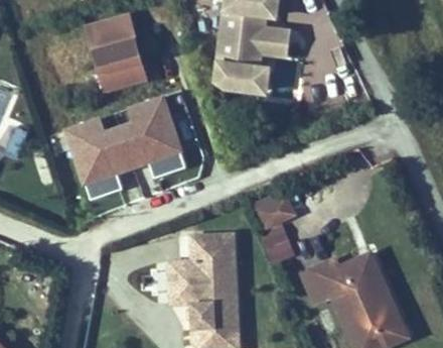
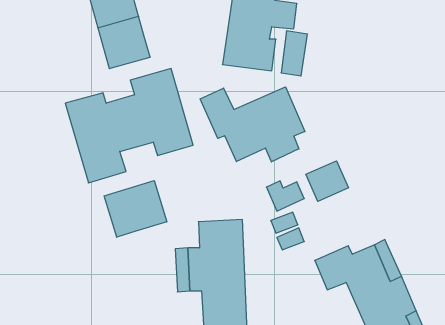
building: none -> [200,87,305,162]
building: none -> [306,161,348,201]
building: none -> [104,181,167,237]

